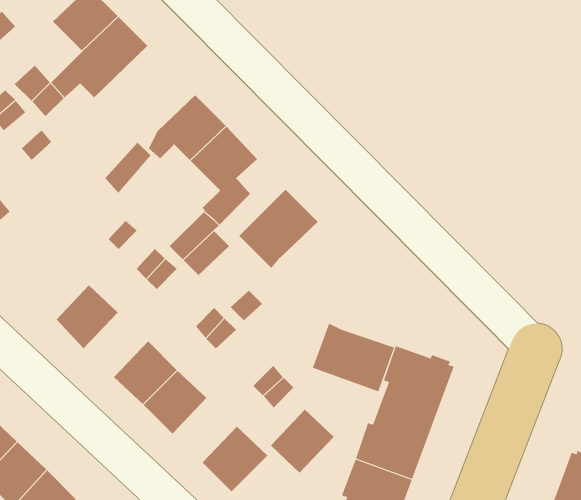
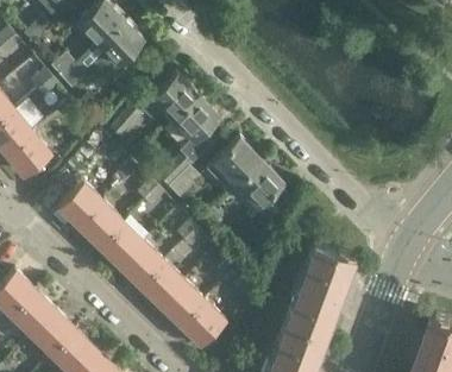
building: none -> [234,160,282,208]
building: none -> [59,183,103,227]
building: none -> [100,222,144,266]
building: [312,323,395,392] -> none
building: [270,409,334,473] -> [161,280,205,324]

